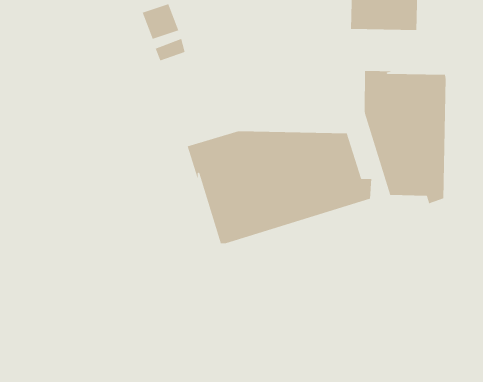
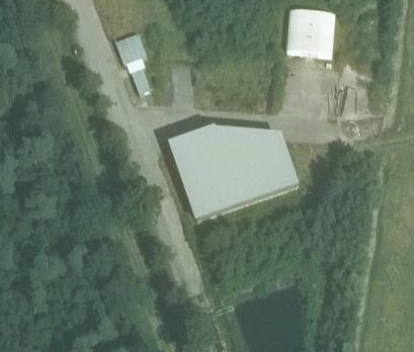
building: [364,70,446,204] -> none

